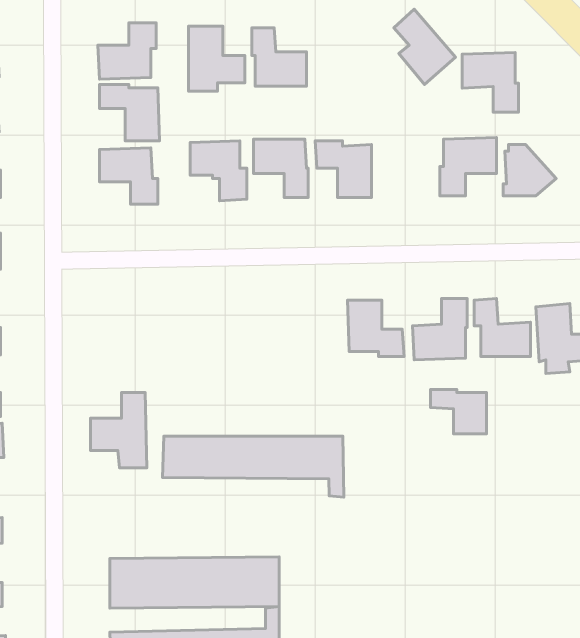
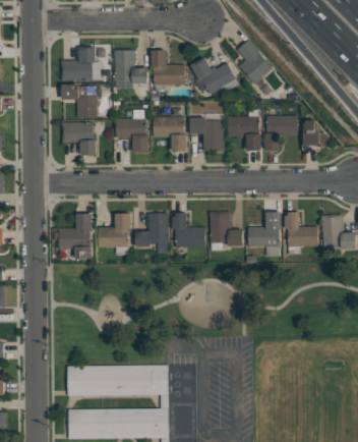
building: none -> [191,58,236,94]
building: [462,52,519,112] -> [228,116,261,152]
building: none -> [136,213,169,246]
building: none -> [173,213,205,247]
building: none -> [99,214,131,246]
building: [431,390,486,434] -> none
building: [91,392,147,468] -> [59,214,93,259]
building: [162,436,344,497] -> none

